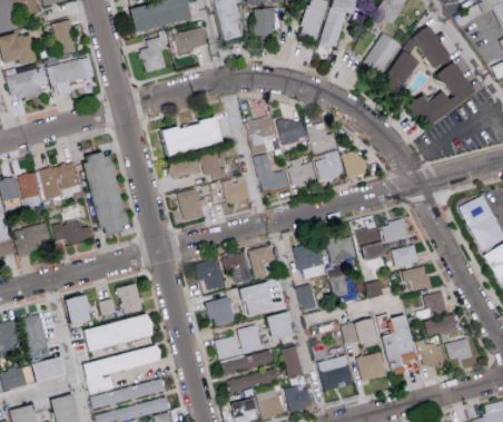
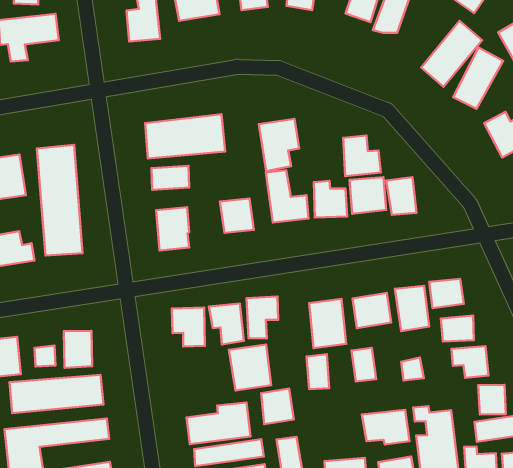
building: [277,117,305,143] -> none
building: [200,151,223,178] -> none
building: [207,296,235,326] -> none

